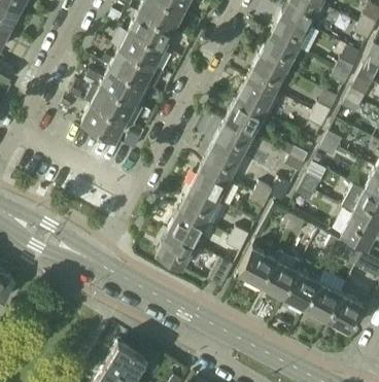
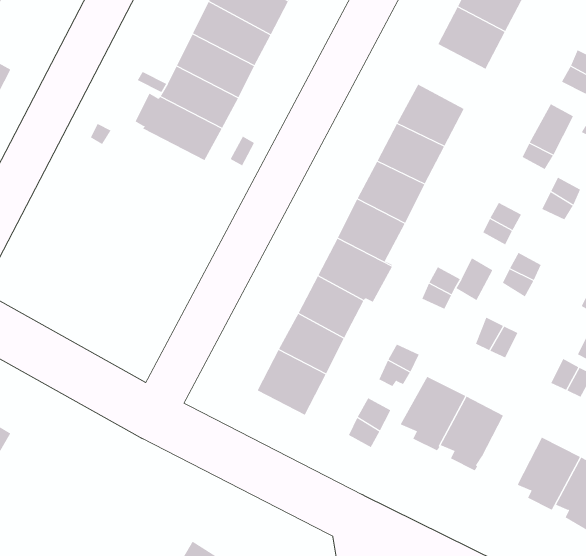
building: [249,56,288,93] -> none
building: [81,104,127,141] -> none
building: [283,269,320,312] -> none

